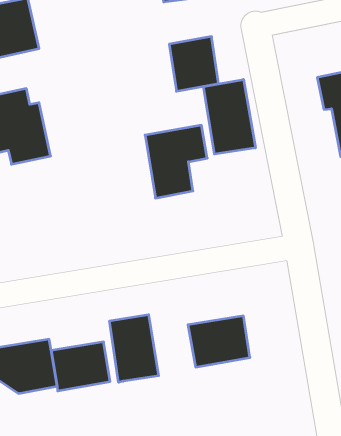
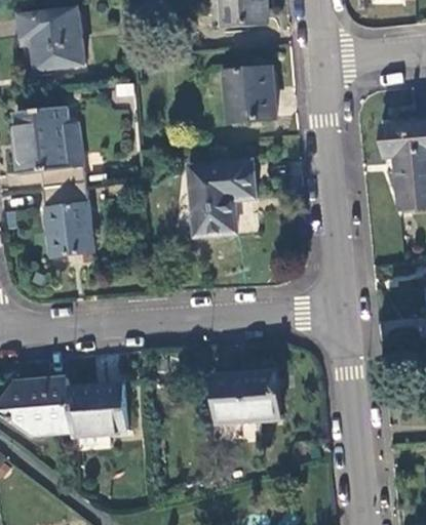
building: [204,79,255,154] -> none
building: none -> [42,180,92,255]
building: [110,315,159,382] -> none

